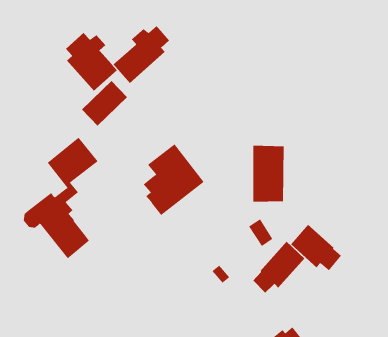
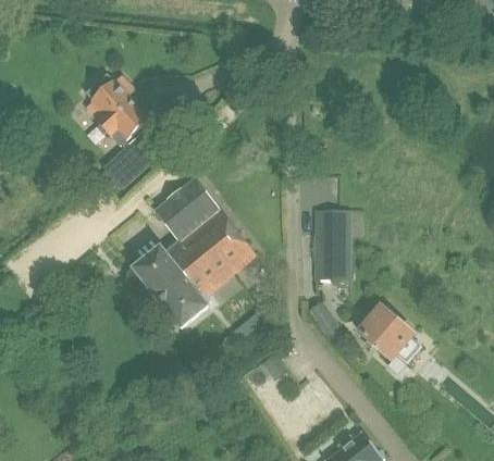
building: [112,25,170,84] -> none
building: [23,137,99,259] -> [125,179,218,328]
building: [252,241,305,294] -> none

